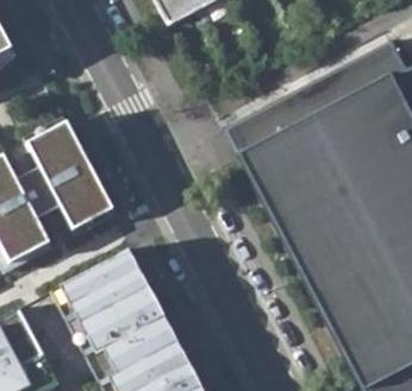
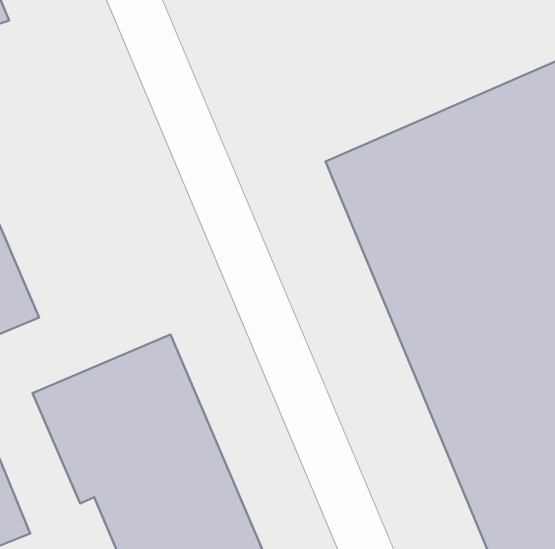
building: [27,120,113,228] -> none

